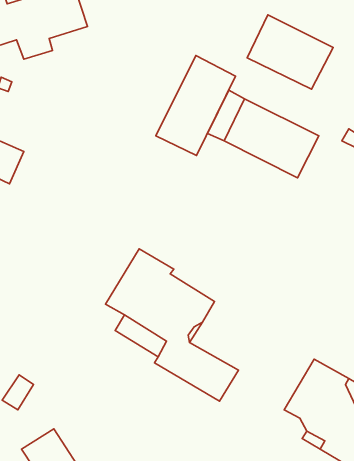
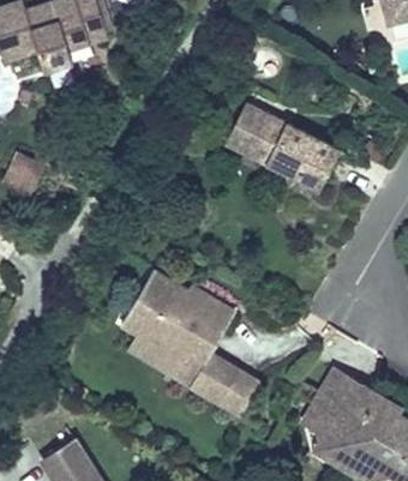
building: [247,15,333,89] -> none
building: [156,56,236,155] -> none

